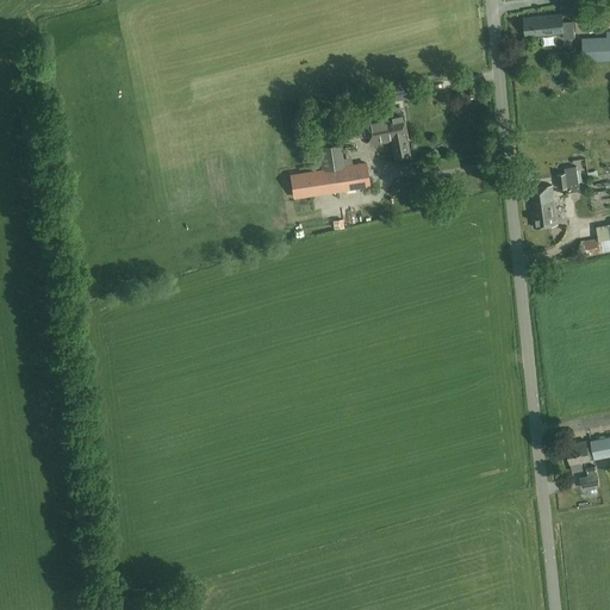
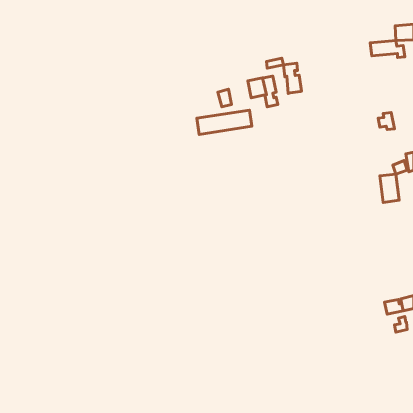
building: [524,14,575,39] -> [370,40,405,57]
building: none -> [283,63,301,93]
building: [530,187,559,229] -> [380,174,399,202]

